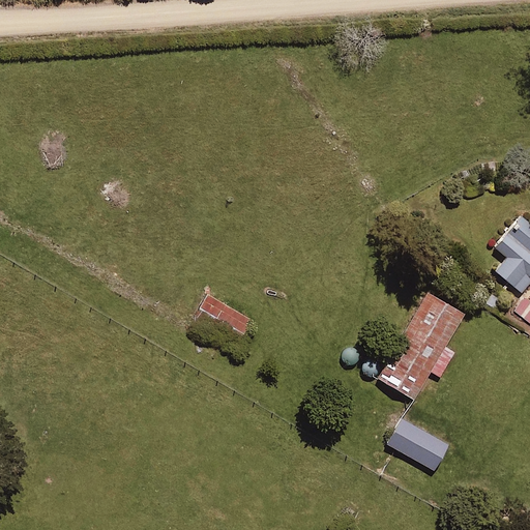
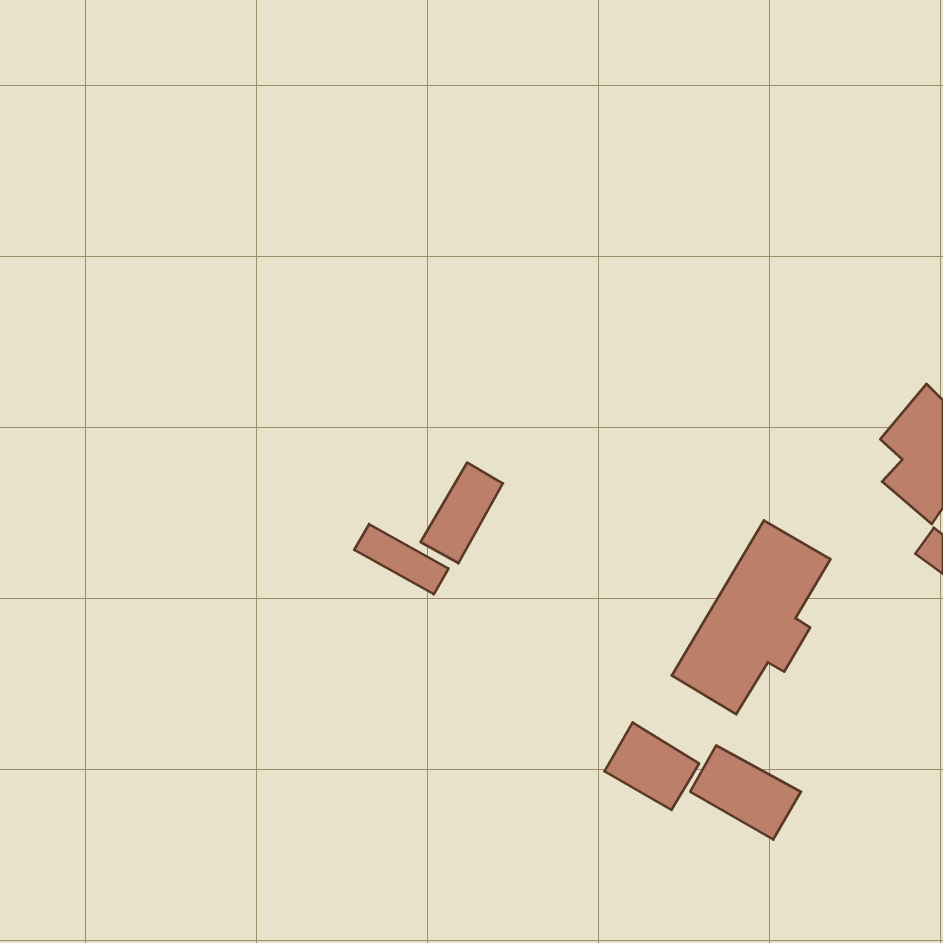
building: none -> [421,463,503,563]
building: none -> [604,722,699,810]

